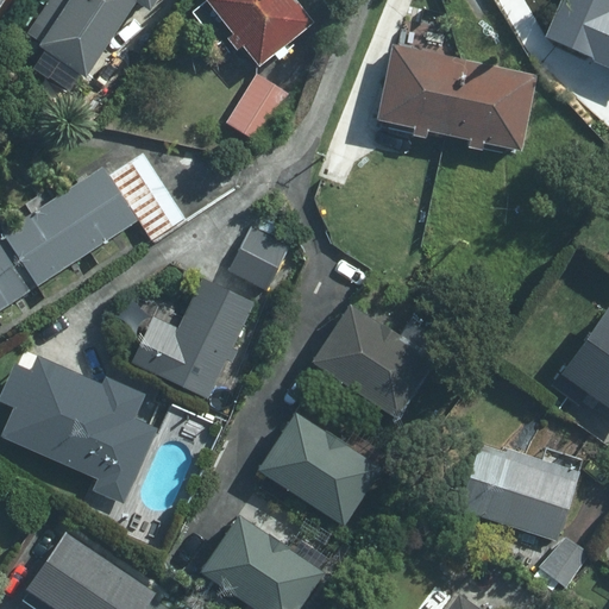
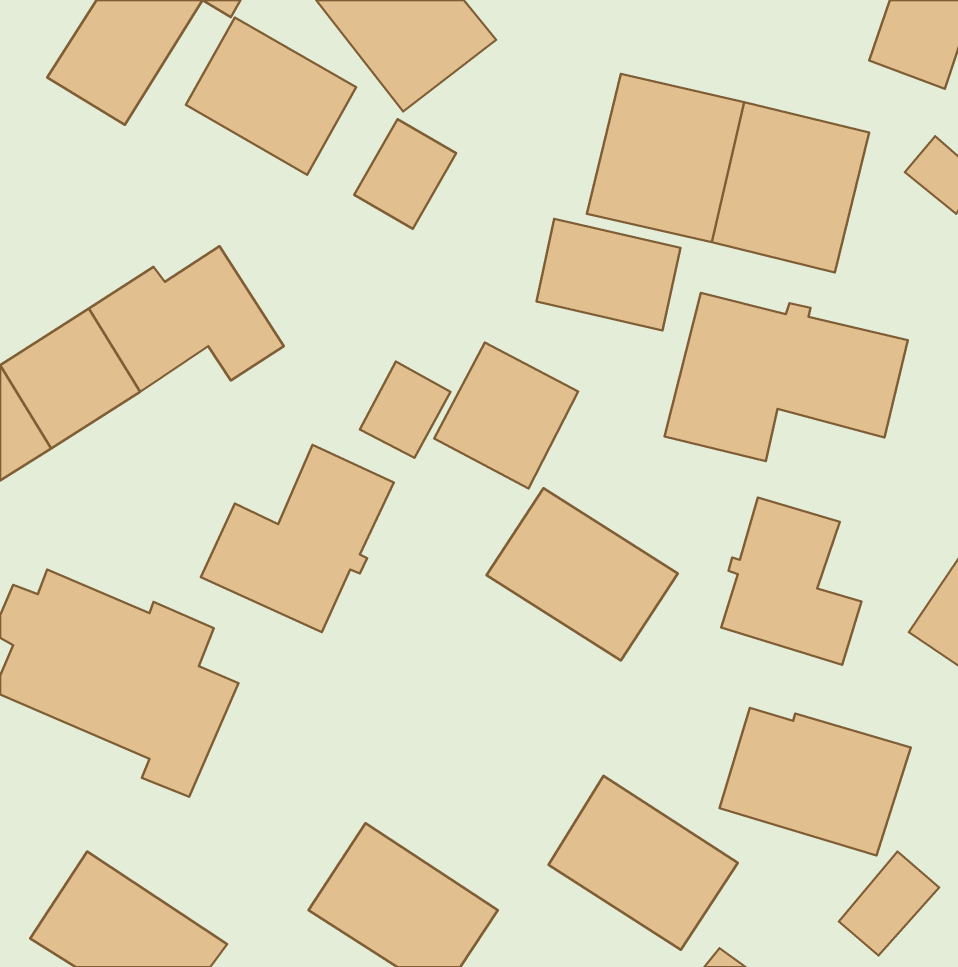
building: none -> [186,17,356,175]
building: none -> [536,219,680,331]
building: none -> [665,293,908,461]
building: none -> [434,342,578,489]
building: none -> [721,497,861,665]
building: [258,414,377,523] -> [548,776,738,950]

